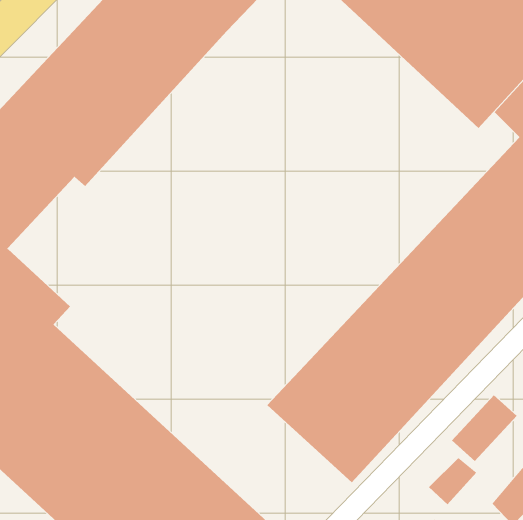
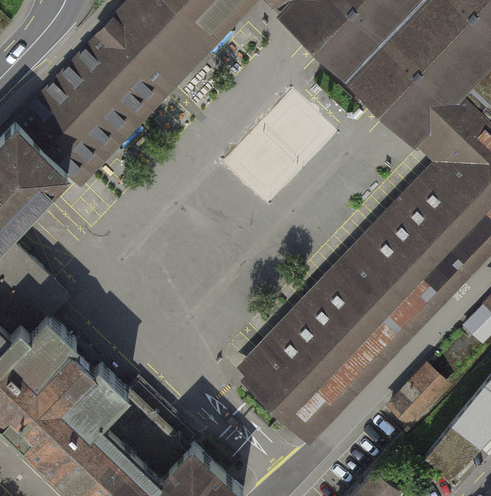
building: [428,457,477,505] -> none

